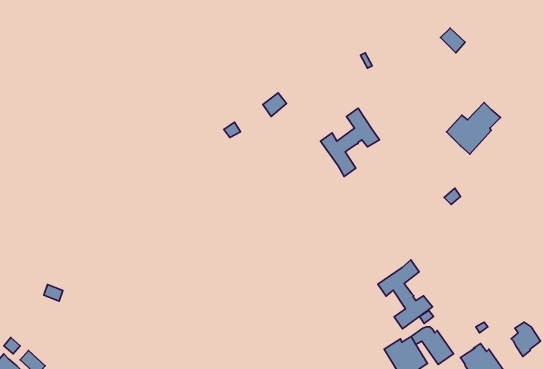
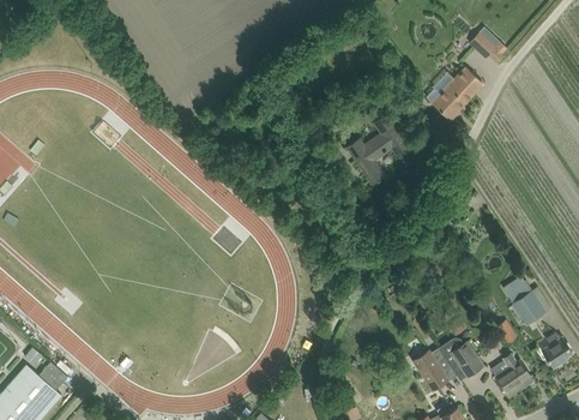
building: [446,102,501,154] -> [427,67,482,120]
building: [378,260,432,329] -> none
building: none -> [502,275,551,324]

